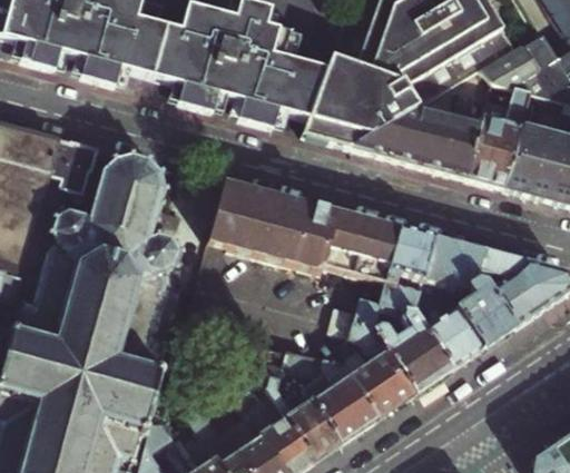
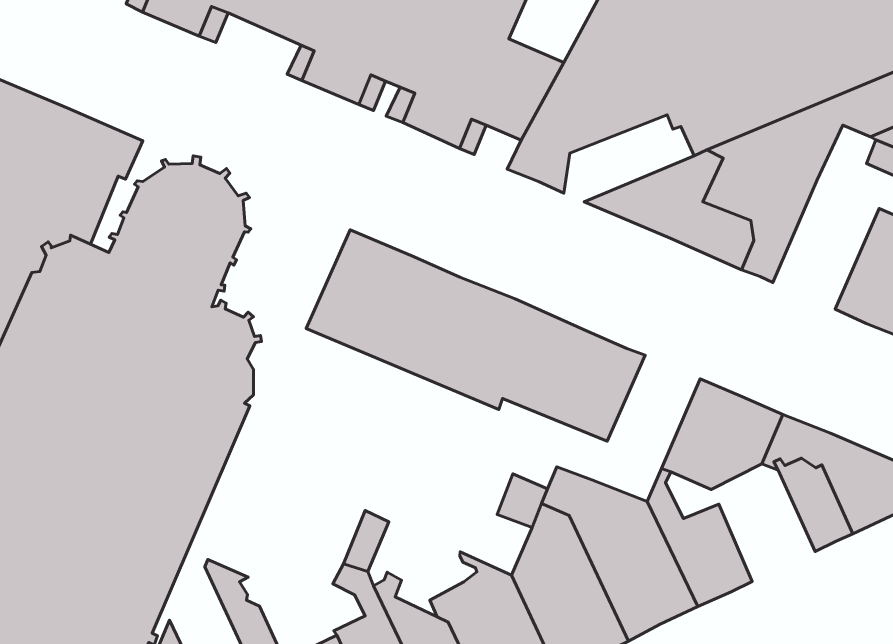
building: [343,89,414,146] -> none
building: [470,114,524,186] -> none
building: [383,228,436,312] -> none
building: [452,280,517,348] -> none

